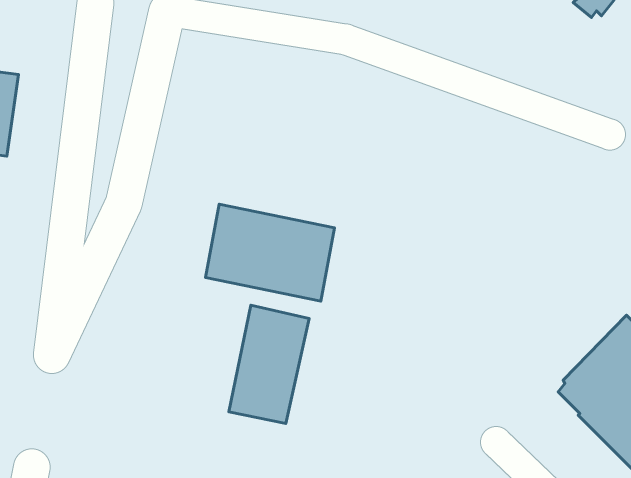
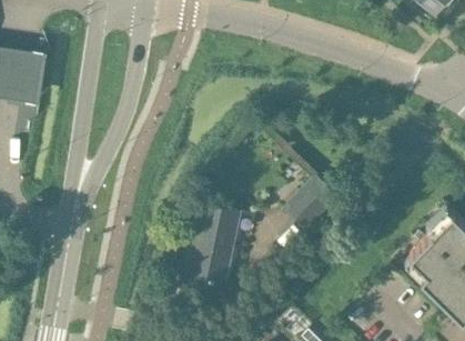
building: [205,204,335,301] -> none
building: none -> [283,177,337,230]

